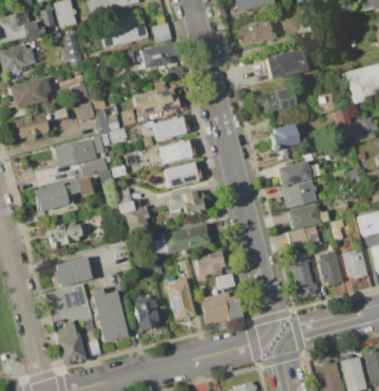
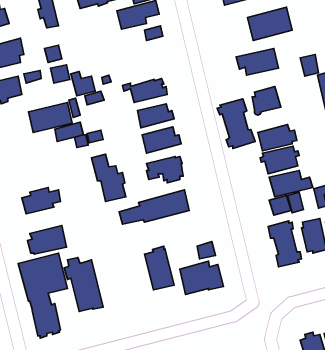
building: [134,86,180,116] -> none
building: none -> [217,99,255,149]
building: [32,177,91,212] -> none
building: [195,251,225,278] -> none
building: [132,295,157,330] -> none

